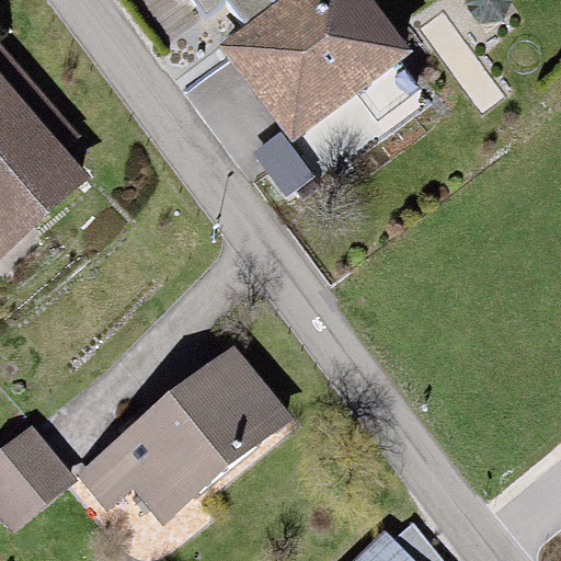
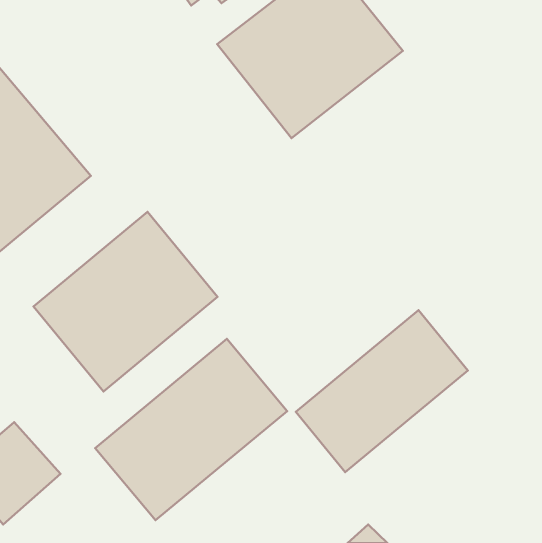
building: none -> [33,212,218,391]
building: none -> [296,310,468,472]

